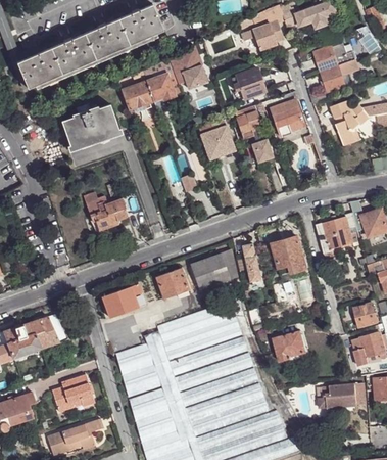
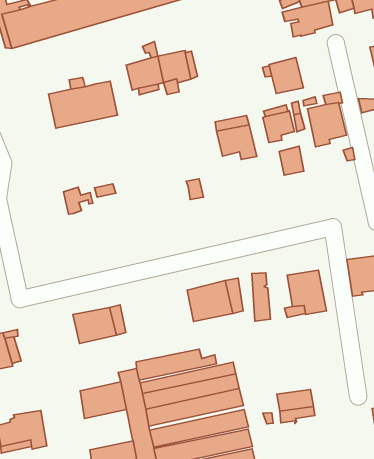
building: [182,54,206,88] -> none
building: [94,197,127,231] -> none
building: [157,267,190,297] -> none
building: [123,365,162,398] -> none

